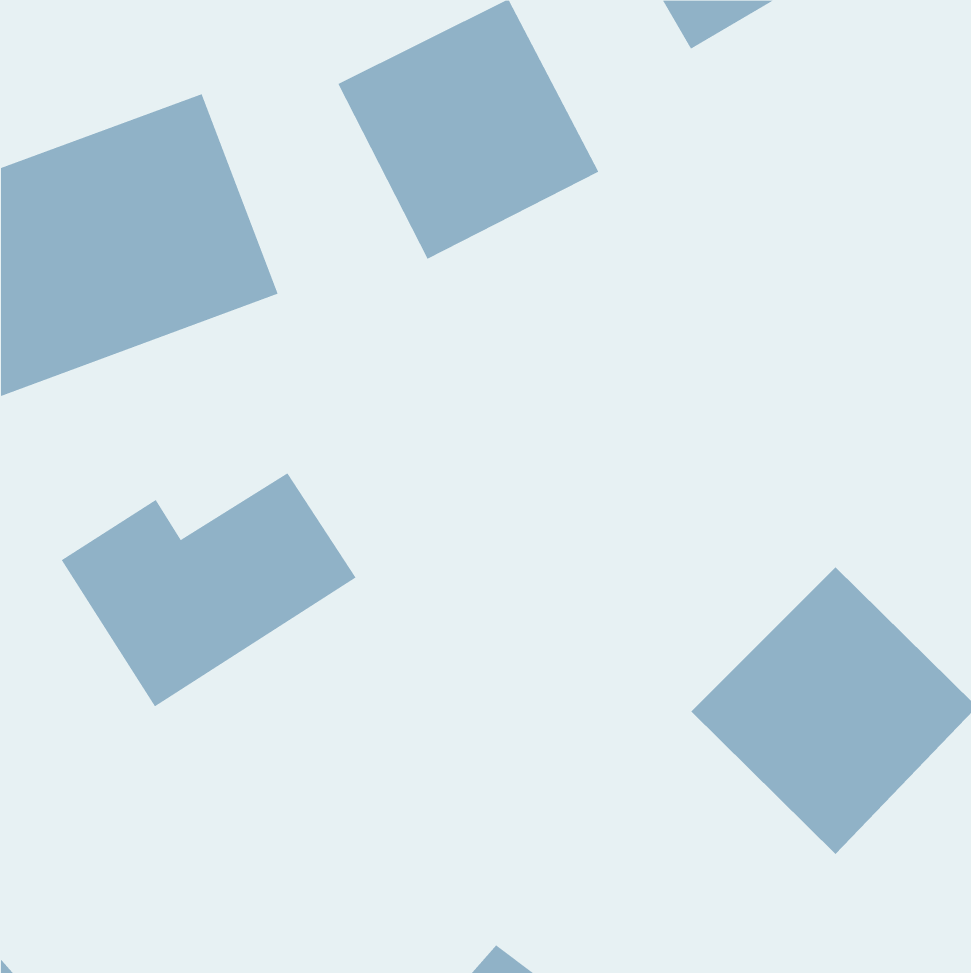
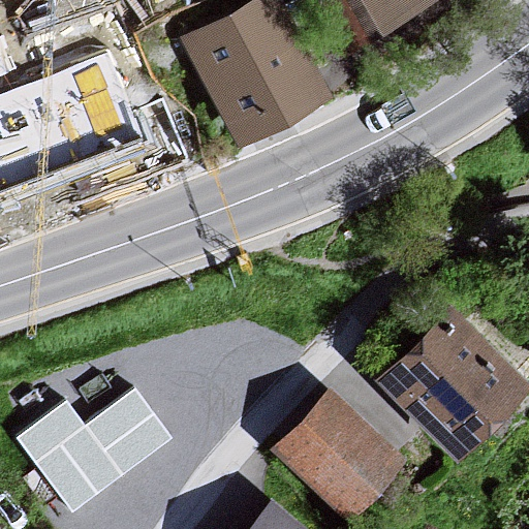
building: [61,472,357,707] -> [17,376,177,503]
building: none -> [289,408,405,522]

